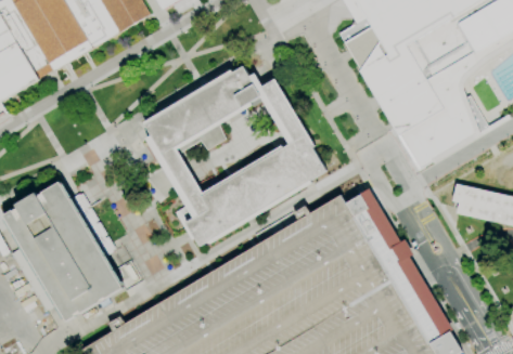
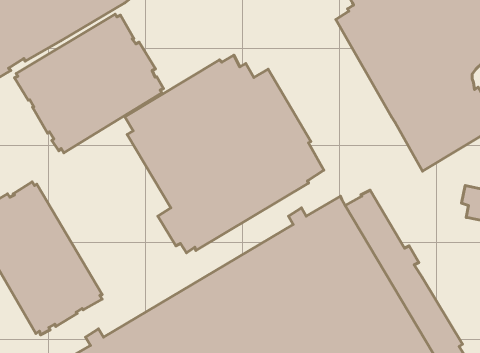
building: none -> [14,14,164,153]

